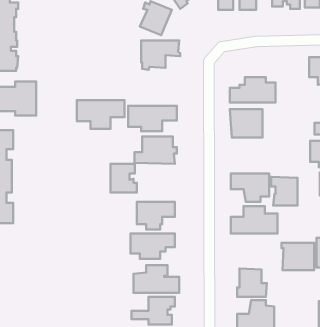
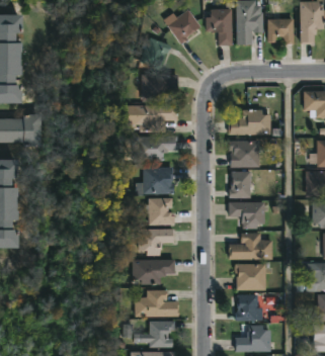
building: [77,100,124,129] -> [131,105,176,132]
building: [110,164,137,192] -> [150,198,175,226]
building: [271,177,298,205] -> [227,172,252,199]
building: [281,243,314,270] -> [235,265,266,291]

